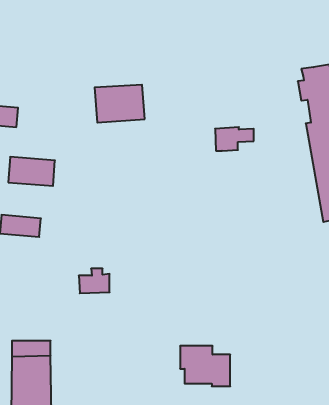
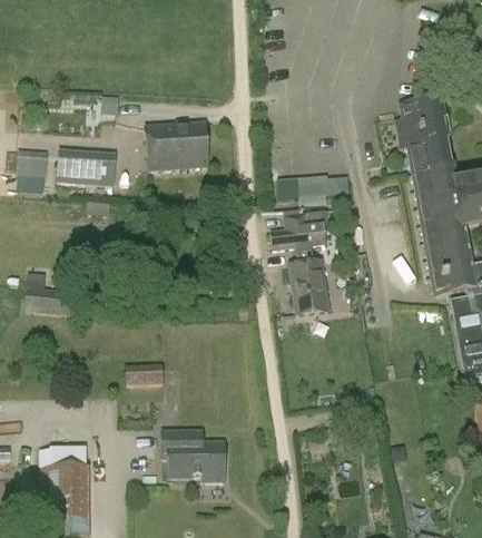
building: none -> [269,208,328,314]
building: [8,157,55,186] -> [57,148,116,185]
building: [180,346,230,386] -> [161,429,225,480]

